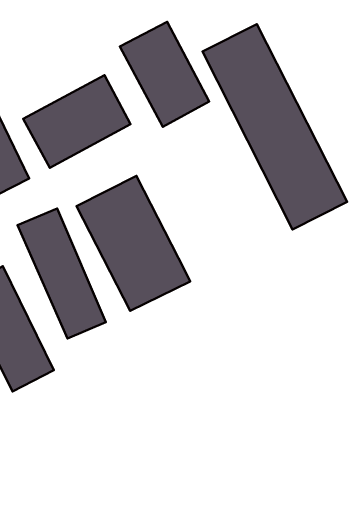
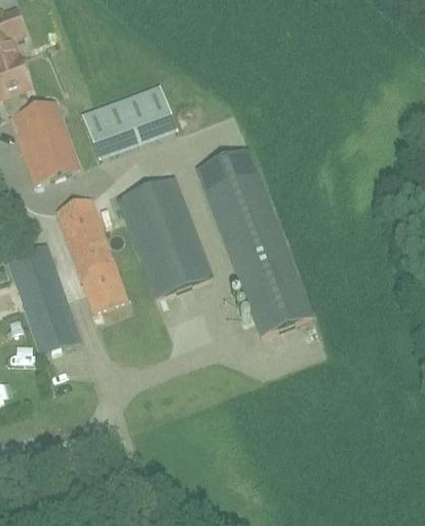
building: [120,22,209,127] -> none
building: [202,24,347,230] -> [197,148,309,334]

